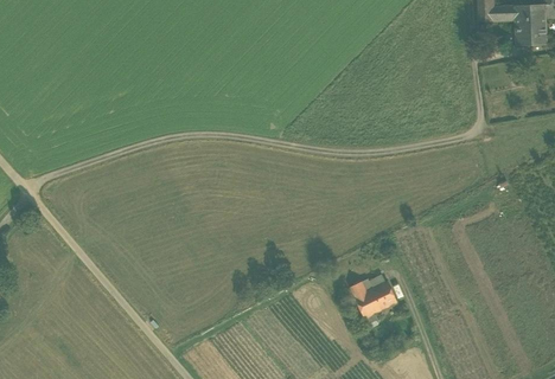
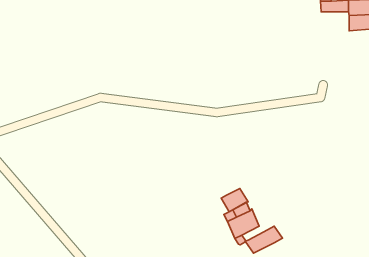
building: none -> [221,188,248,212]
building: none -> [245,226,283,253]

